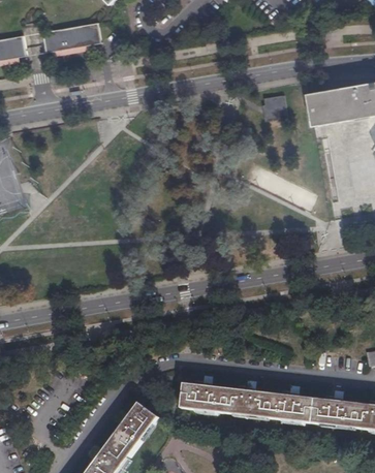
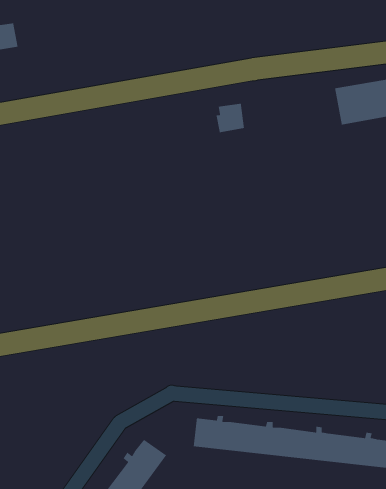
building: [41,23,101,53] -> none
building: [260,95,286,122] -> [216,103,245,133]

